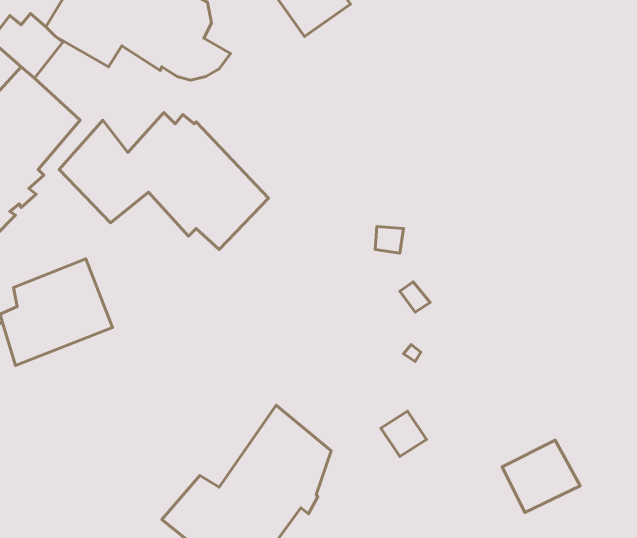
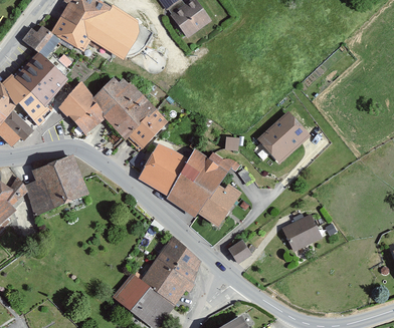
building: none -> [256,112,310,165]
building: none -> [138,146,241,230]
building: [502,440,580,512] -> [281,211,323,249]

